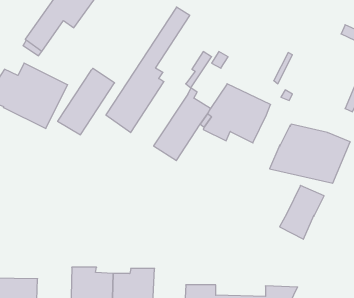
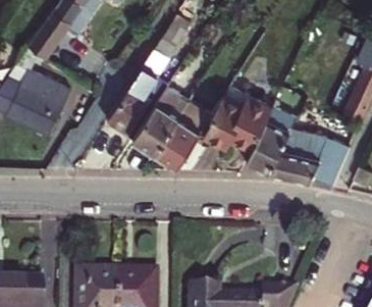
building: [58,68,115,135] -> [134,86,190,151]
building: [280,185,324,239] -> [247,120,290,173]

